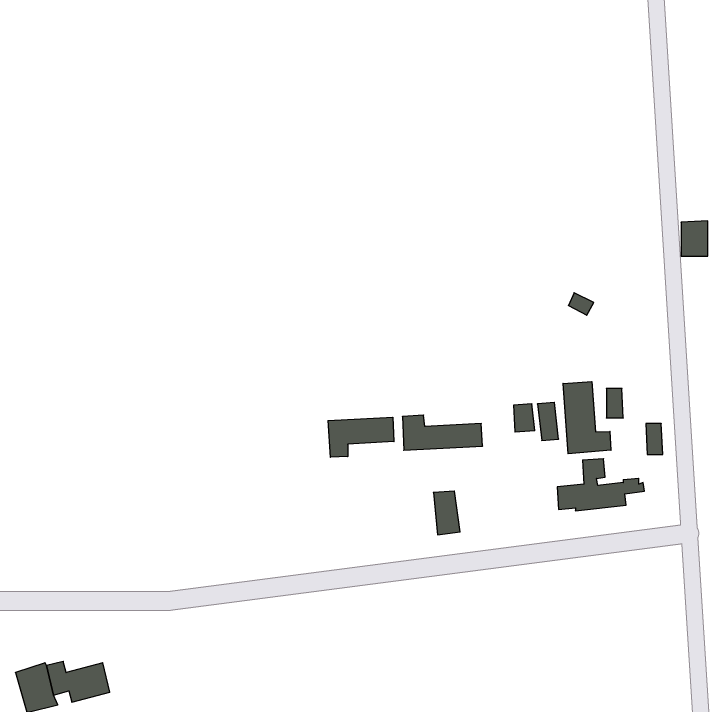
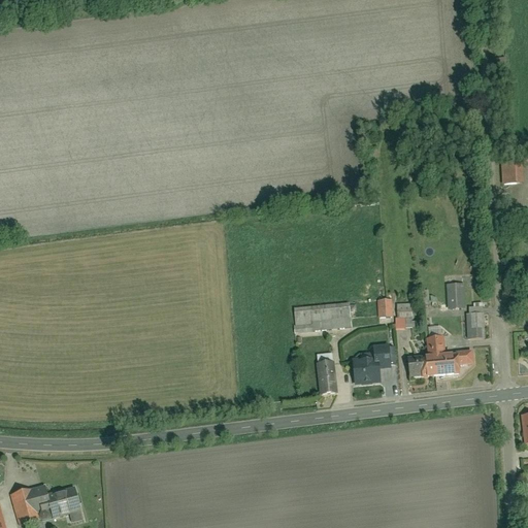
building: [563,382,611,454] -> none
building: [328,417,394,457] -> none
building: none -> [353,349,389,381]

